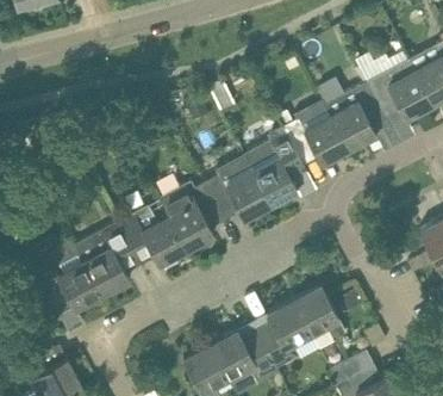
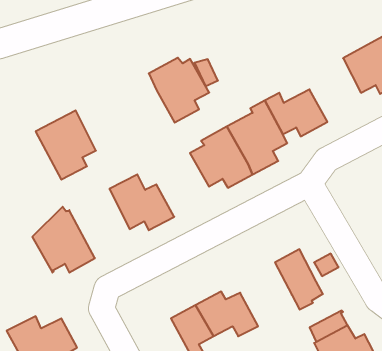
building: [326,82,387,150] -> none
building: [161,182,225,252] -> [149,58,209,123]
building: [76,222,141,296] -> [36,110,96,180]
building: [258,301,313,369] -> none

